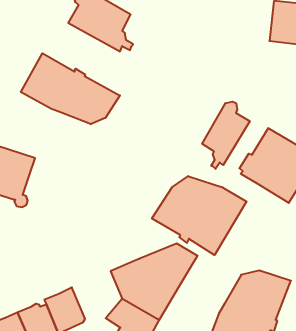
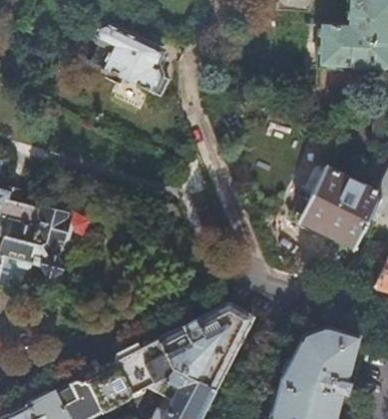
building: [21,53,120,124] -> none
building: [202,102,250,169] -> none
building: [152,176,247,255] -> none
building: none -> [116,339,173,394]

